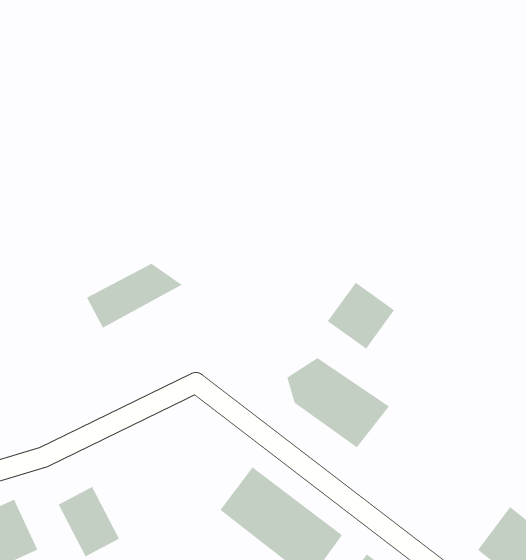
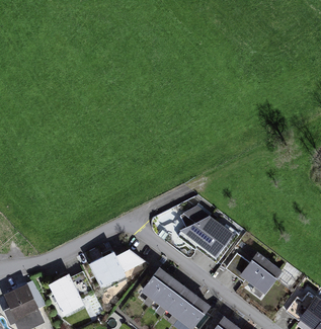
building: [86,263,182,328] -> [87,251,141,287]
building: [327,282,395,350] -> none
building: none -> [227,254,283,297]

